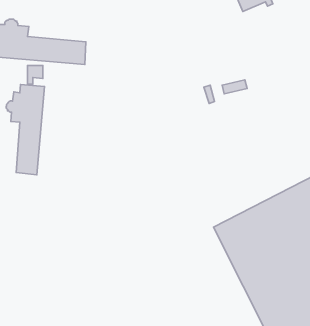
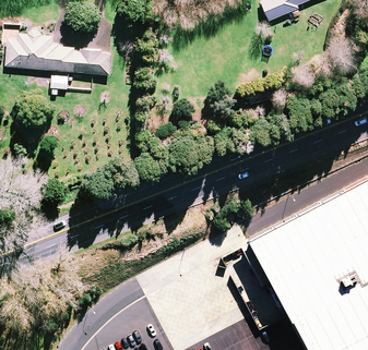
building: [6,85,44,175] -> none

